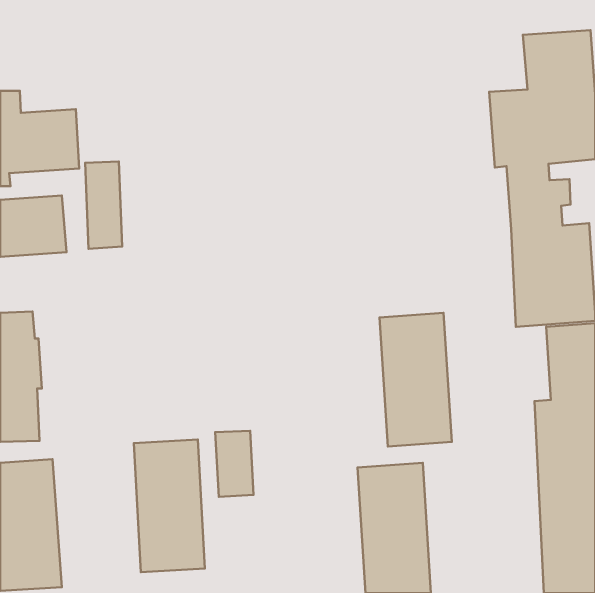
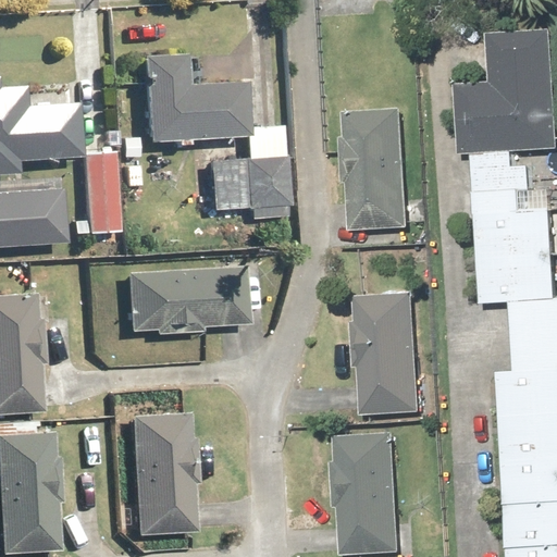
building: none -> [136,53,243,143]
building: none -> [345,109,412,233]
building: none -> [205,156,284,218]
building: none -> [120,264,245,335]
building: [215,431,254,497] -> none

